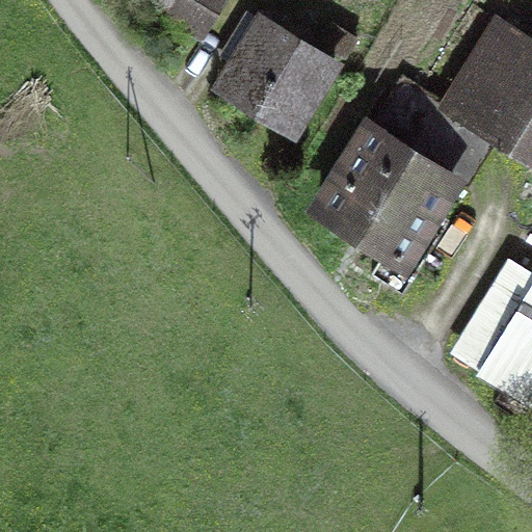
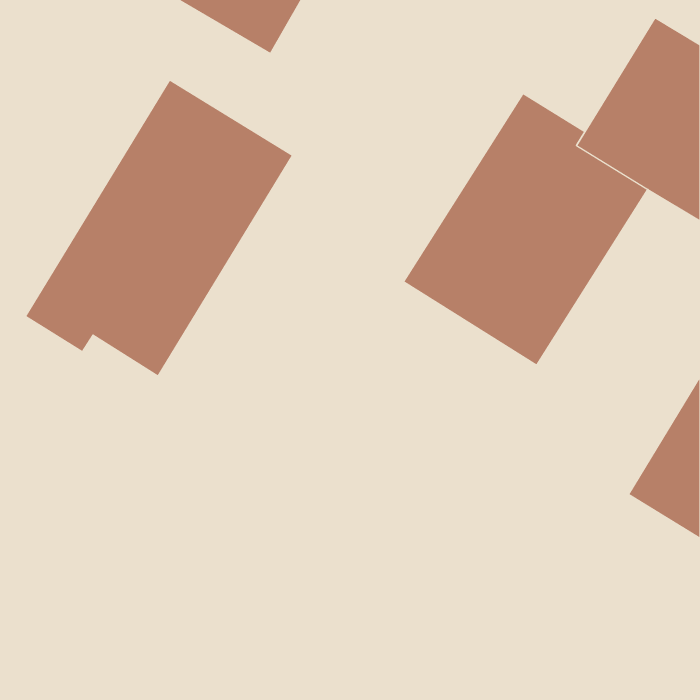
building: [211,11,343,140] -> none
building: none -> [26,80,293,376]

